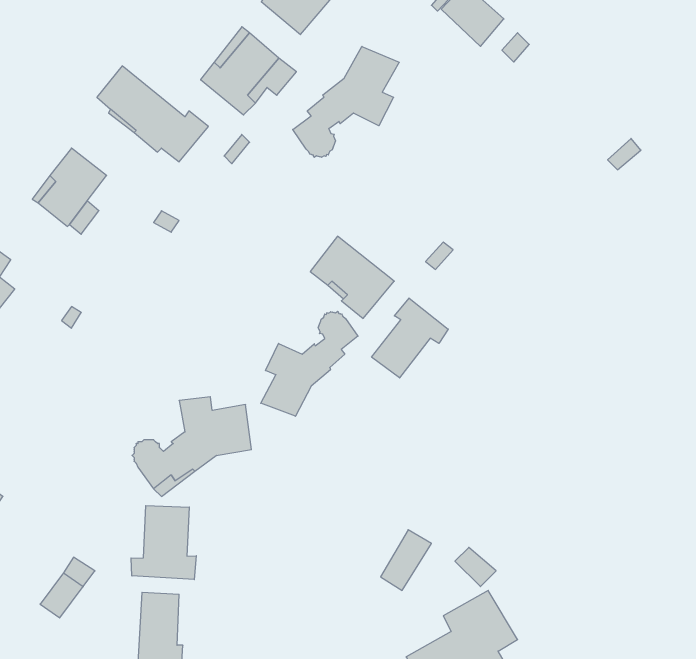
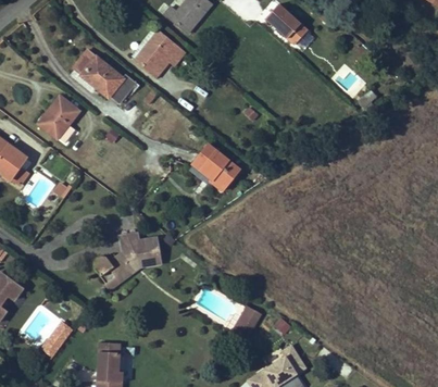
building: [293,46,399,157] -> none
building: [372,298,448,378] -> none
building: [261,311,358,416] -> none
building: [131,506,196,580] -> none

